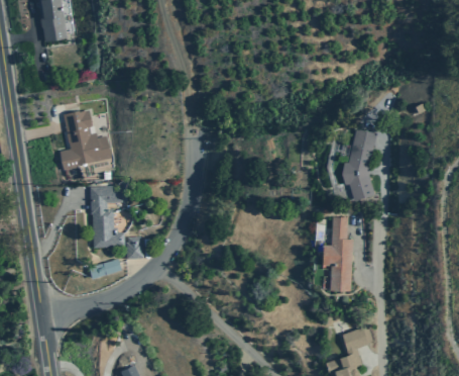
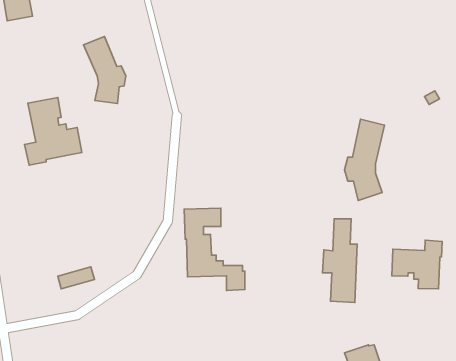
building: none -> [84,37,126,104]
building: [90,187,143,260] -> [184,208,245,291]
building: none -> [392,240,442,289]

